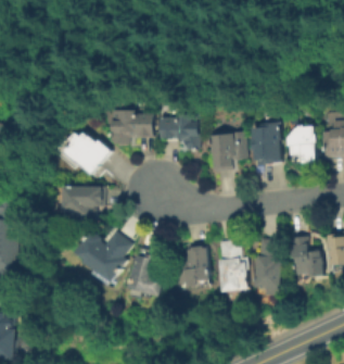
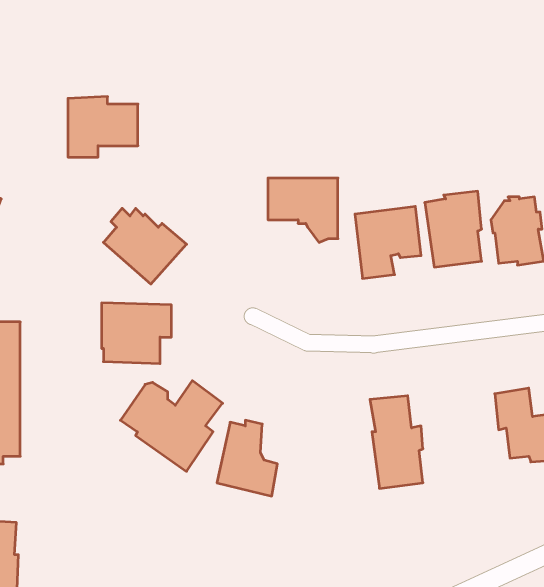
building: [111,109,151,143] -> [68,97,138,157]
building: [255,238,281,296] -> none
building: [174,246,211,291] -> none

